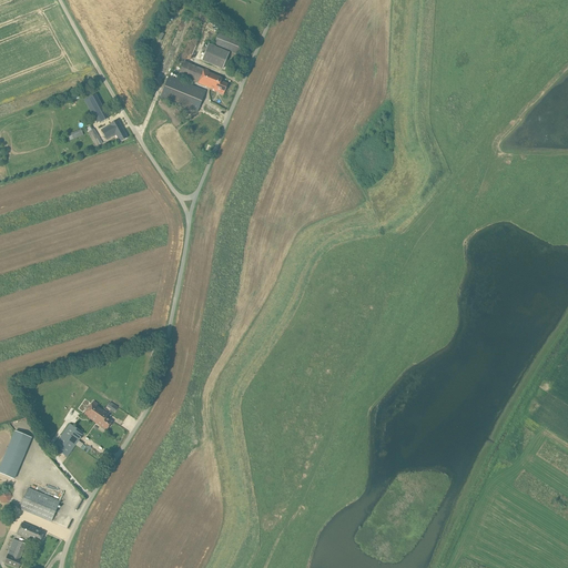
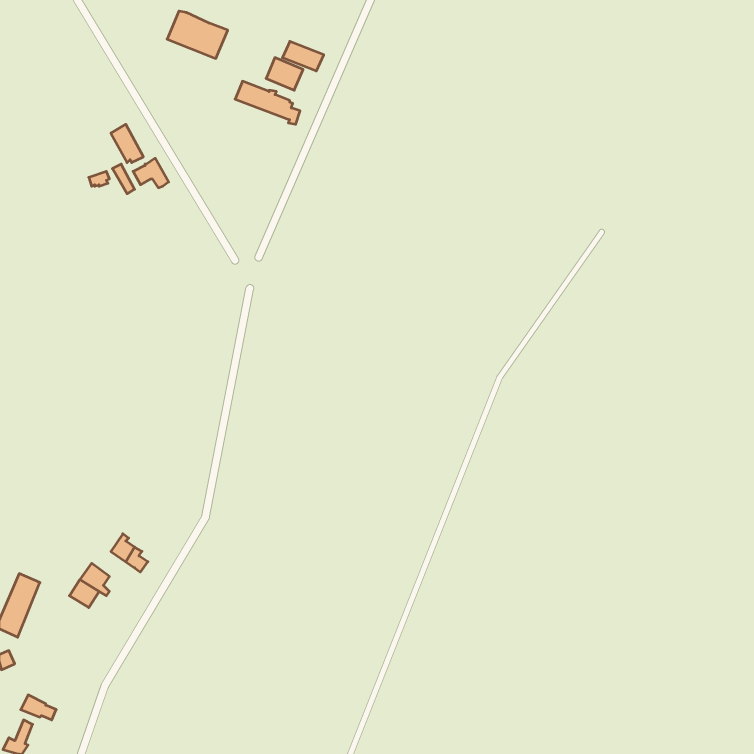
building: [159,75,204,111] -> [167,11,228,58]
building: [19,487,59,520] -> none

